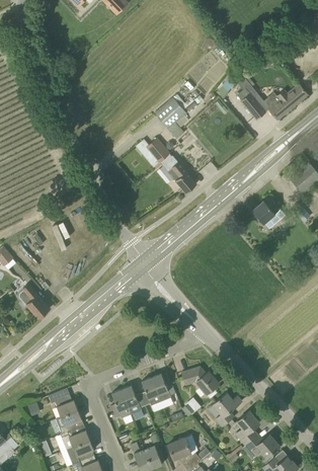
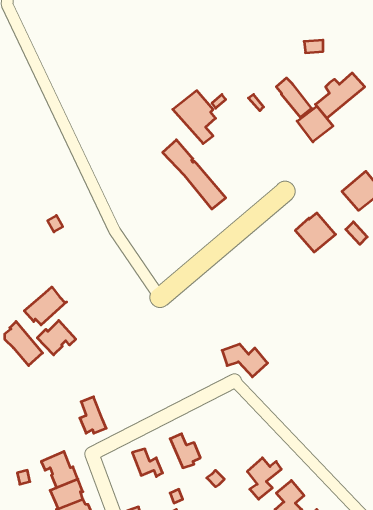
building: none -> [297,106,333,142]
building: none -> [24,287,67,325]
building: none -> [37,320,76,355]
building: [182,367,219,393] -> [222,344,268,377]
building: [141,377,164,411] -> none
building: [110,388,132,417] -> [80,397,106,433]

